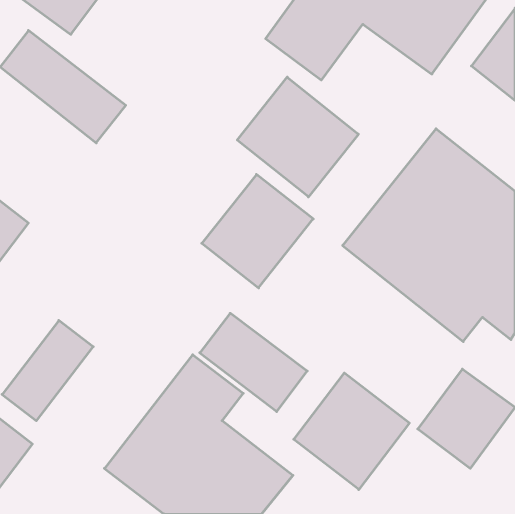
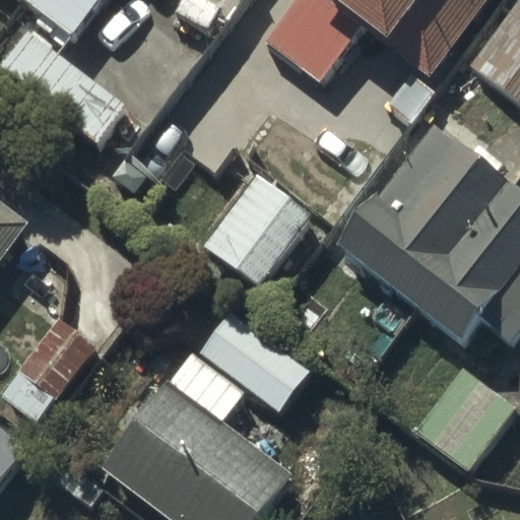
building: [237,77,358,197] -> none
building: [294,373,409,490] -> none

